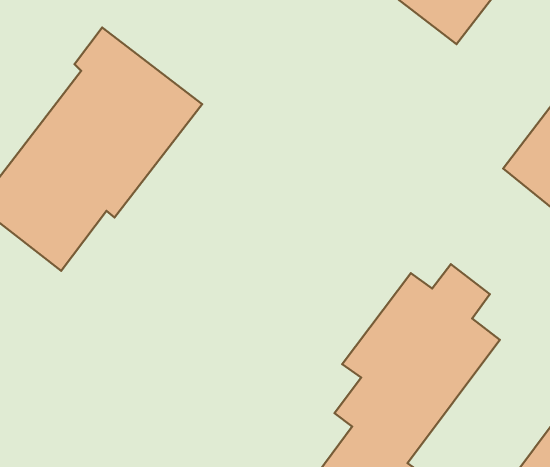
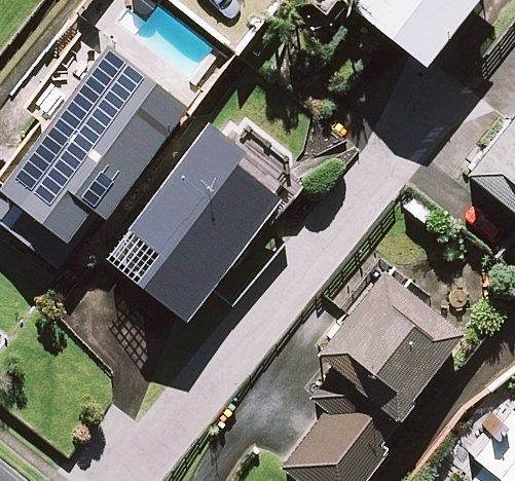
building: none -> [110,126,281,317]

